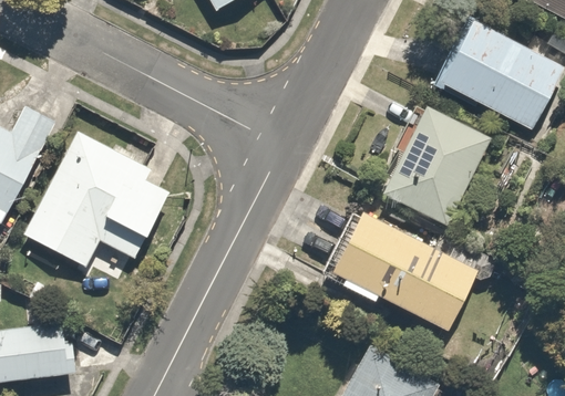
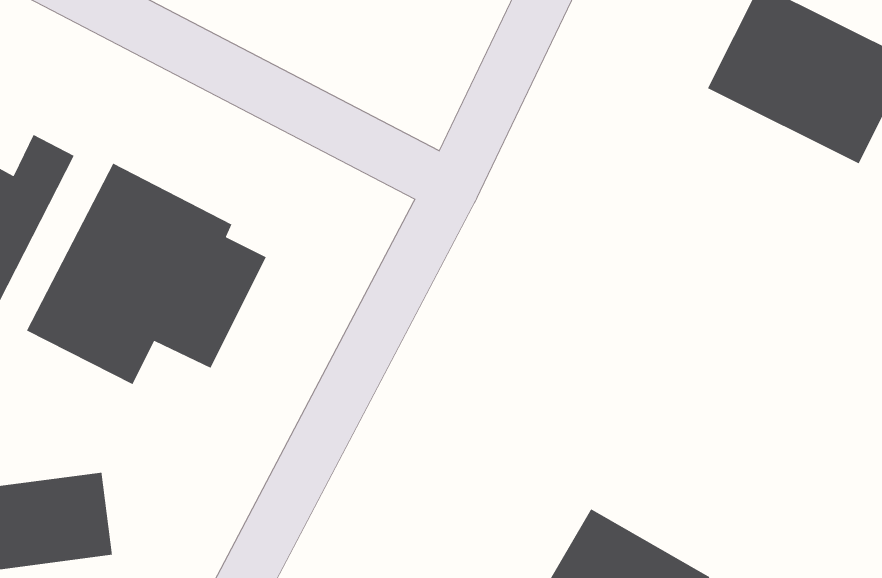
building: [382,104,490,225] -> none
building: [329,210,479,331] -> none

